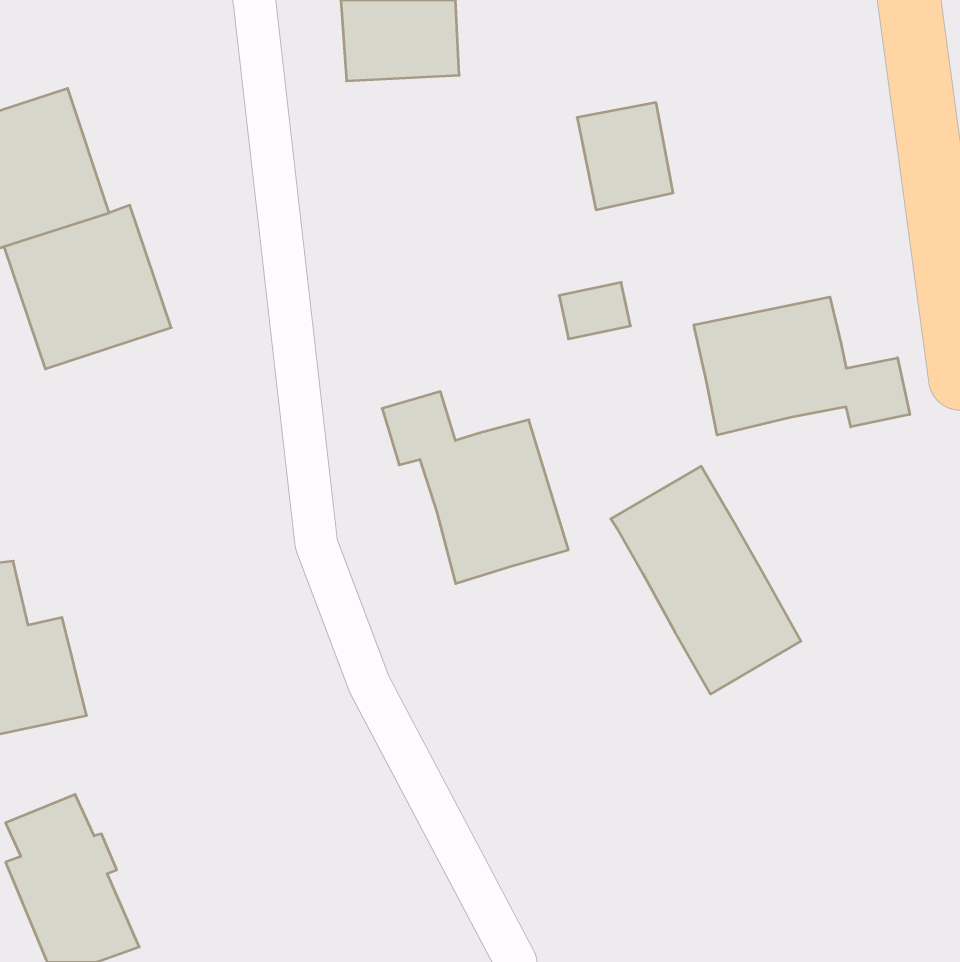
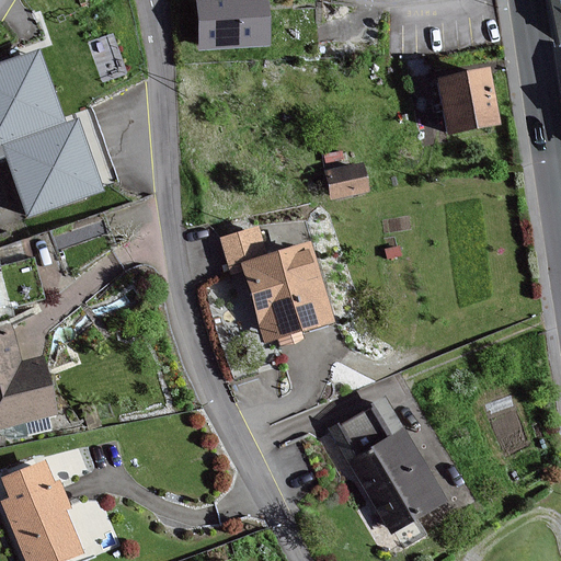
building: [577,103,673,210] -> [440,69,496,131]
building: [694,297,910,435] -> none
building: [611,466,801,694] -> [332,399,443,531]

